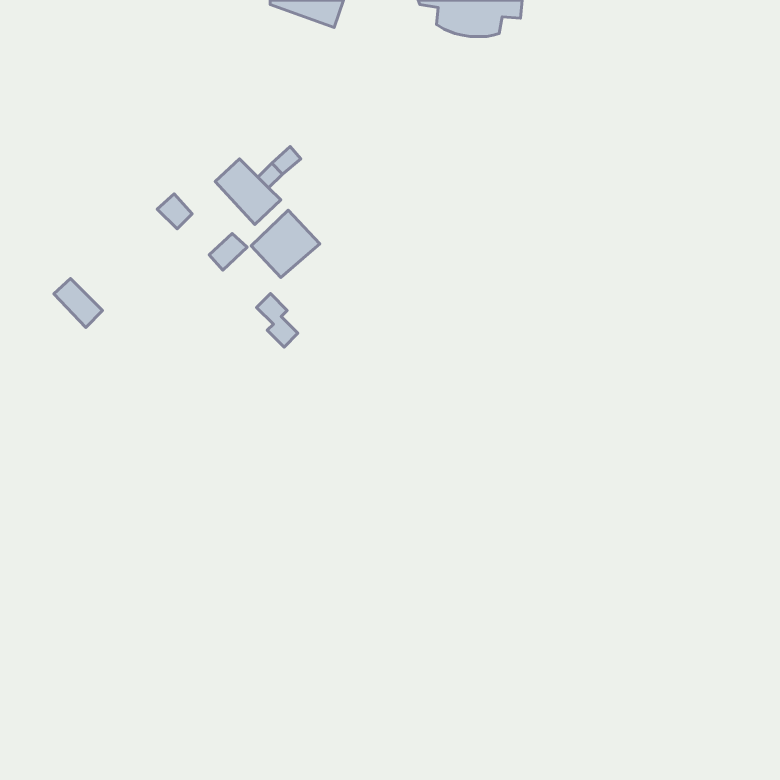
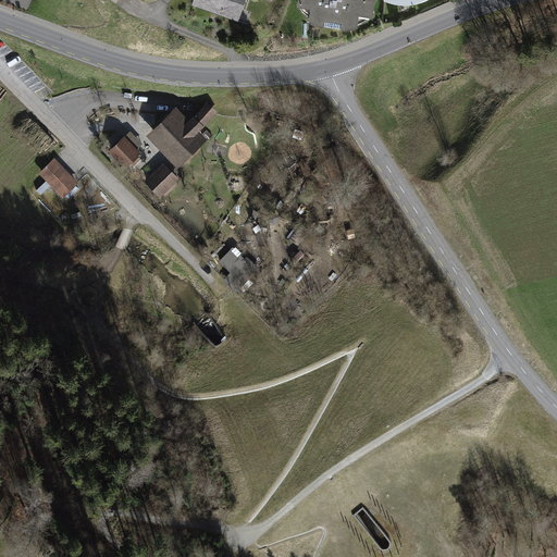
building: [251,210,320,277] -> none
building: [54,279,103,327] -> [41,160,76,195]
building: [257,294,298,347] -> [220,250,249,288]

